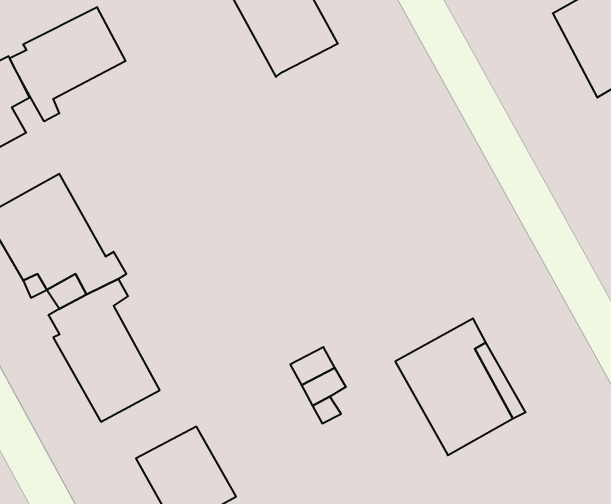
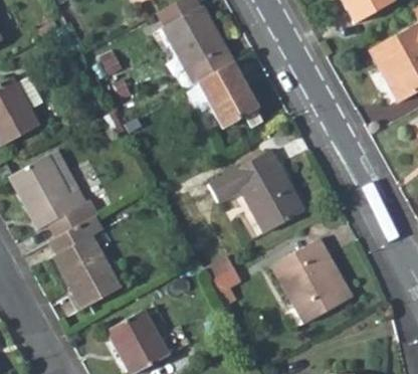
building: [10,7,126,121] -> none
building: none -> [198,66,258,131]
building: none -> [210,155,302,236]

